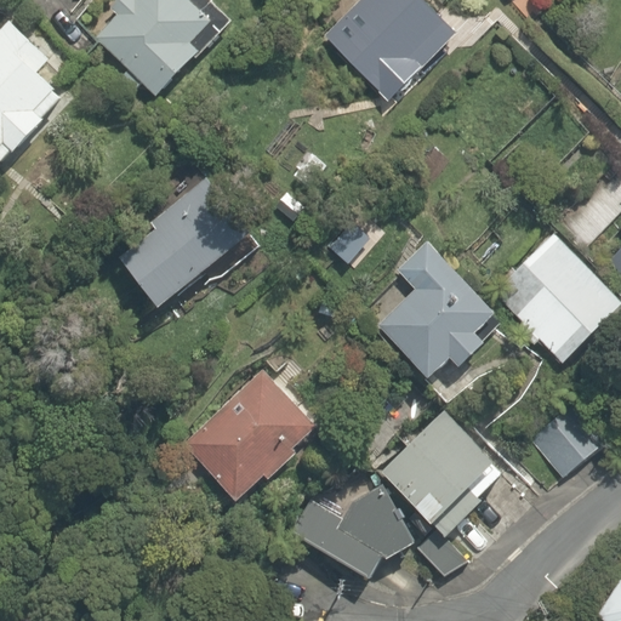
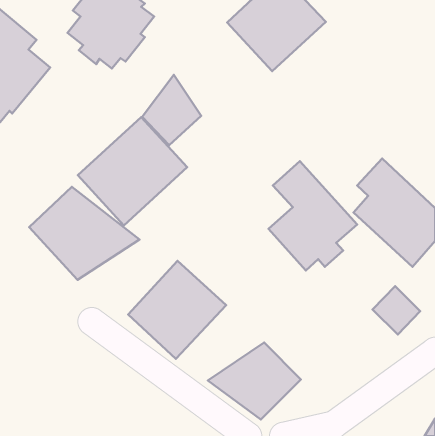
building: none -> [142,75,201,145]
building: none -> [29,187,140,280]
building: [383,414,506,536] -> none

